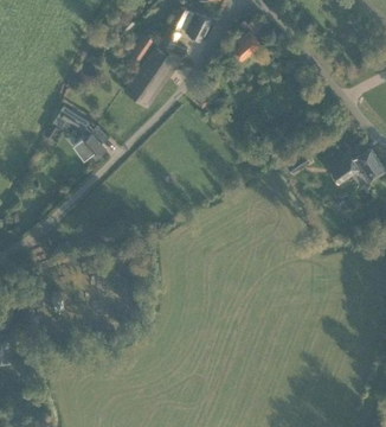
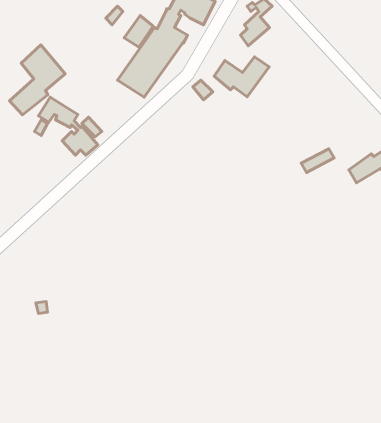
building: none -> [10,45,65,115]
building: none -> [214,57,269,97]

